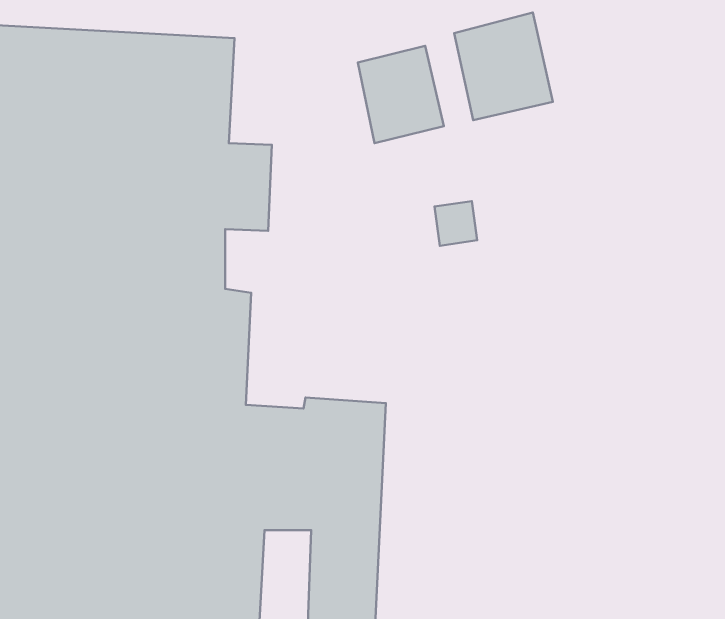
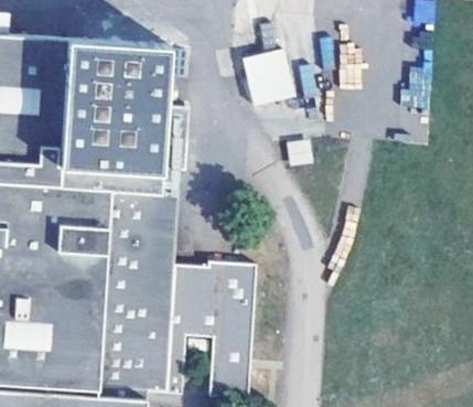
building: [454,13,553,120] -> none

